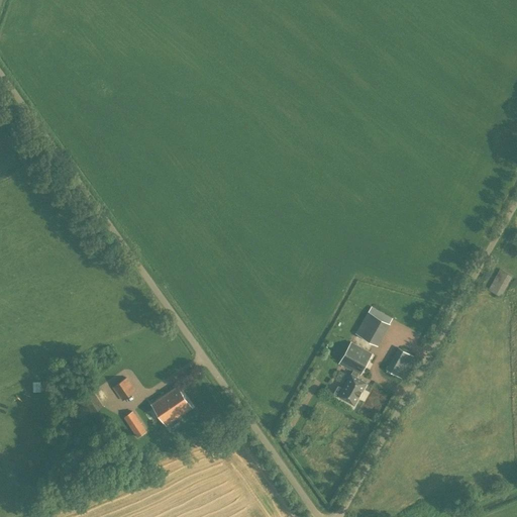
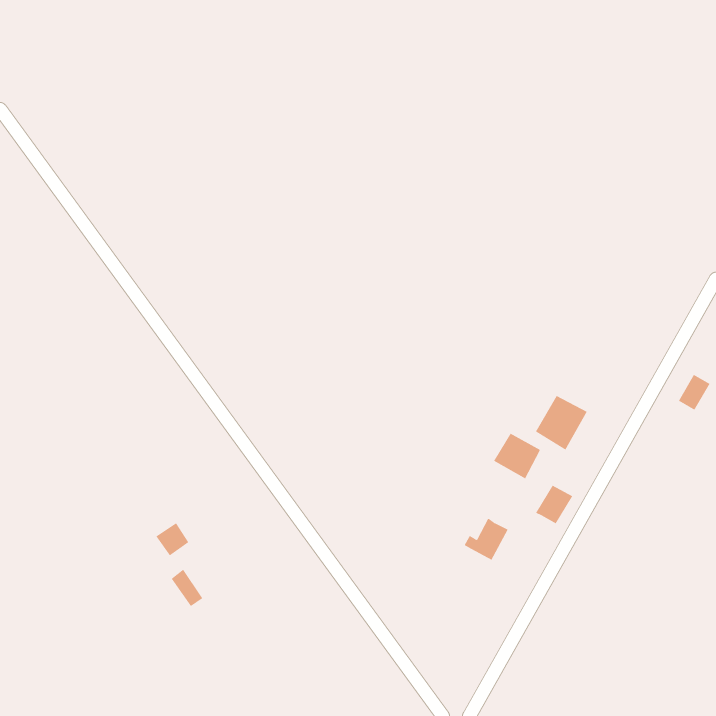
building: none -> [535,395,587,450]
building: [340,342,373,377] -> none
building: [152,387,192,425] -> none

